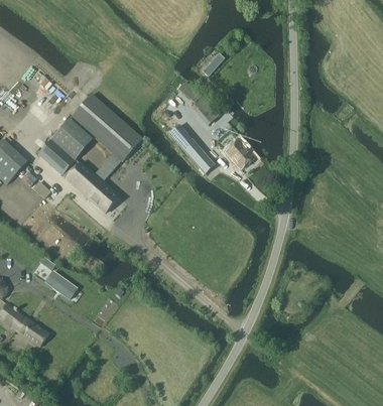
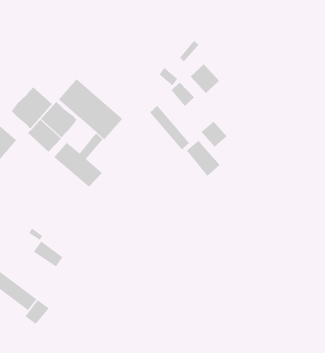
building: none -> [190,63,220,94]
building: none -> [11,87,53,129]
building: none -> [186,140,221,177]
building: none -> [25,299,50,325]

